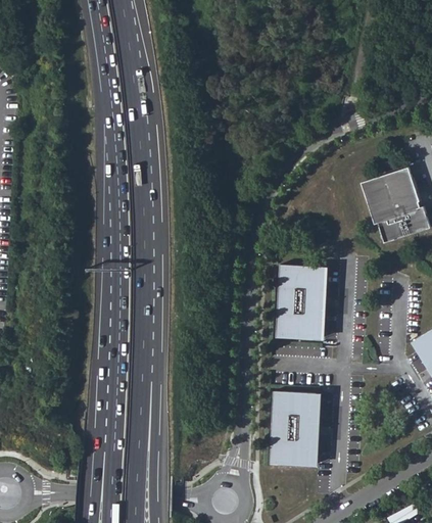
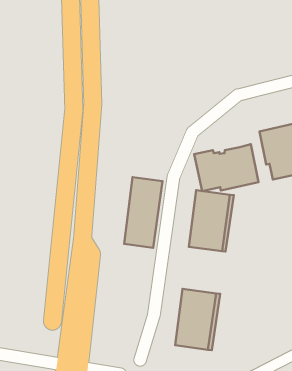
building: none -> [194,144,258,191]
building: none -> [124,177,162,248]

